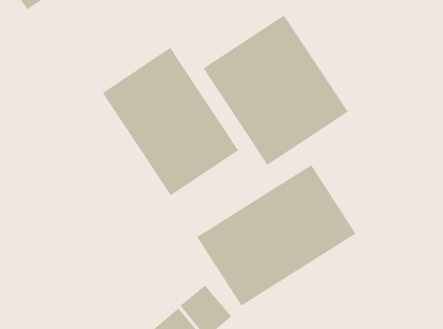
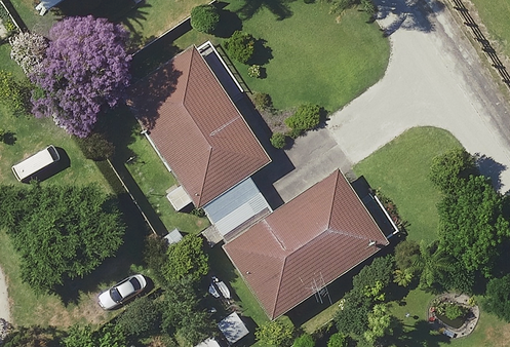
building: [202,14,349,166] -> none

